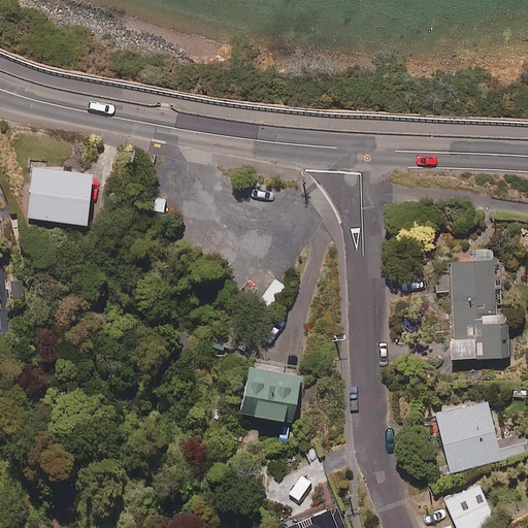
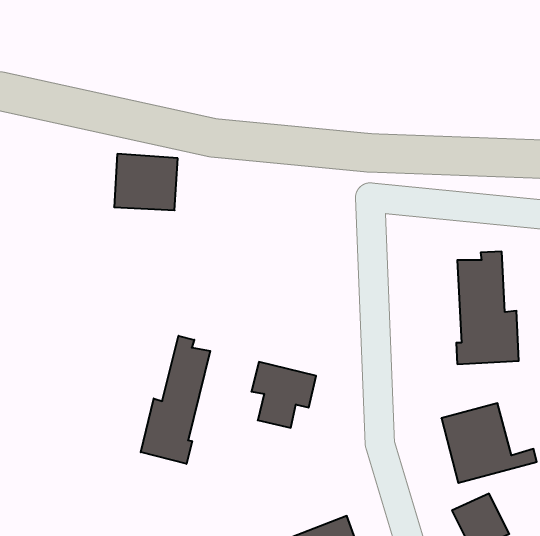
building: [31,169,93,224] -> [114,154,178,210]
building: none -> [141,336,210,464]

